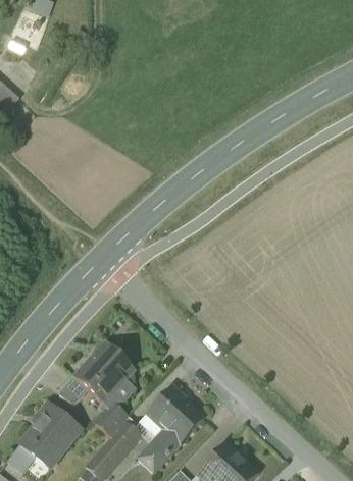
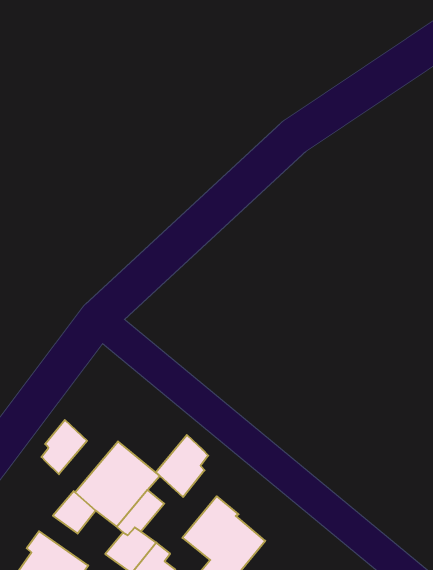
building: none -> [41,420,87,474]
building: none -> [156,435,208,497]

